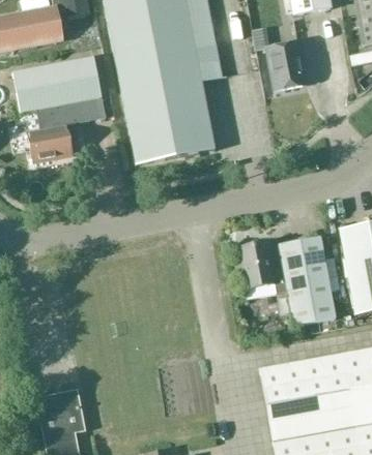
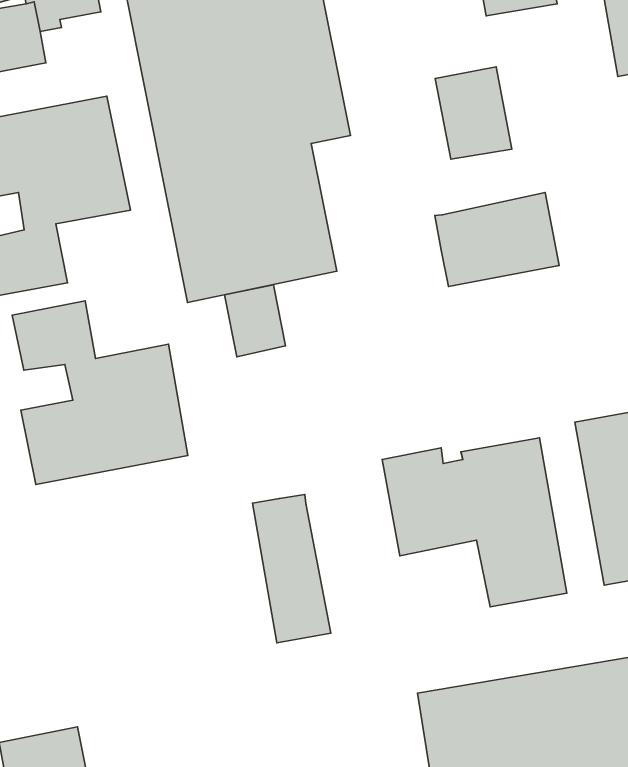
building: none -> [435,192,559,287]
building: none -> [224,285,285,357]
building: none -> [12,301,188,484]
building: none -> [253,494,331,643]

